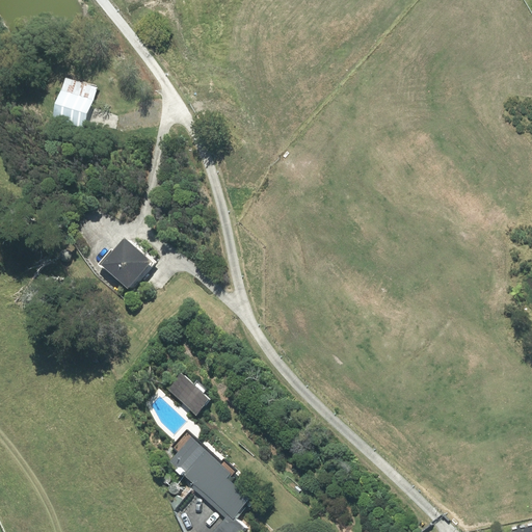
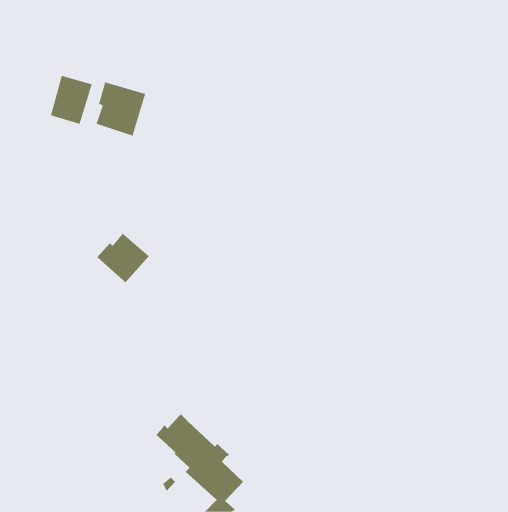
building: none -> [96,81,146,136]
building: [166,373,211,416] -> none

